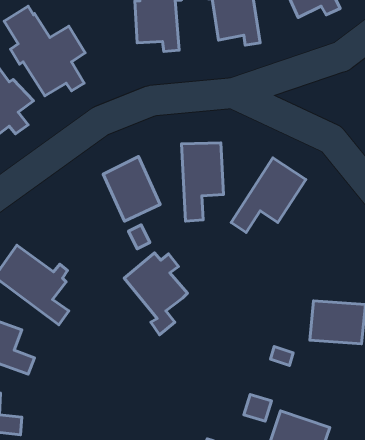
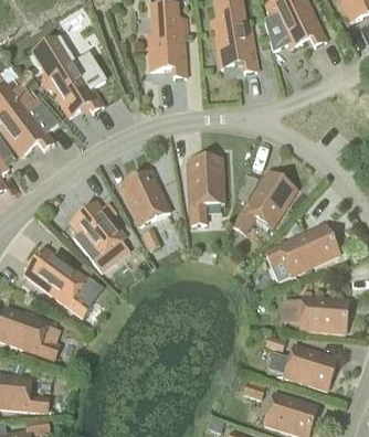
building: none -> [263,223,338,276]
building: [124,253,188,335] -> [70,200,125,271]
building: none -> [283,343,337,390]

